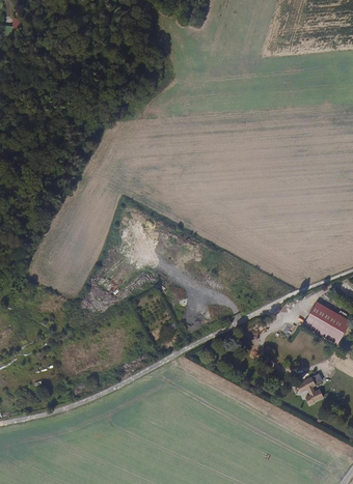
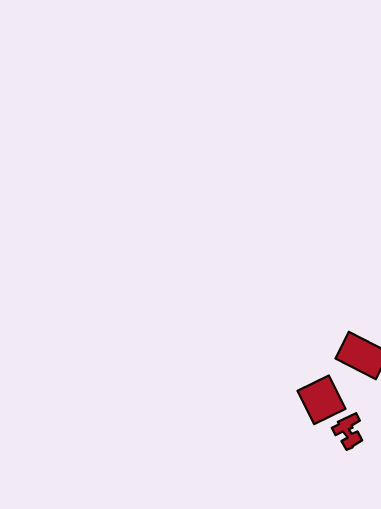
building: none -> [297,375,345,424]

